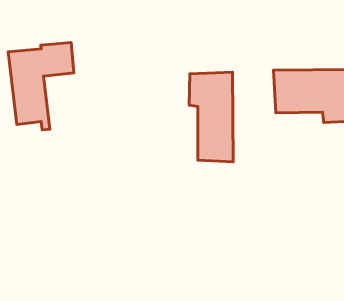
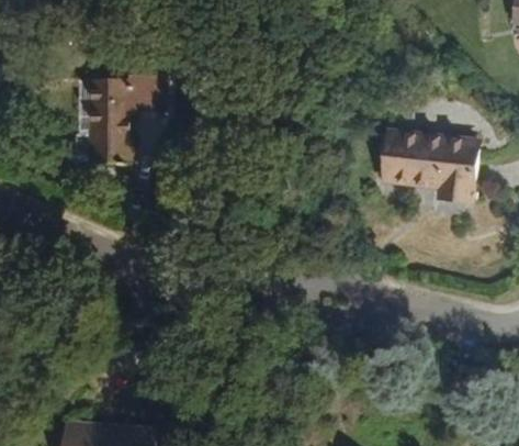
building: [189,72,233,162] -> none

